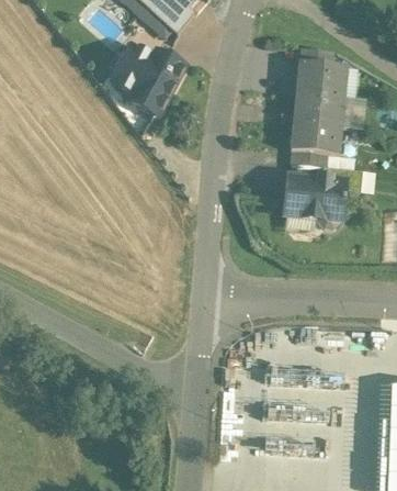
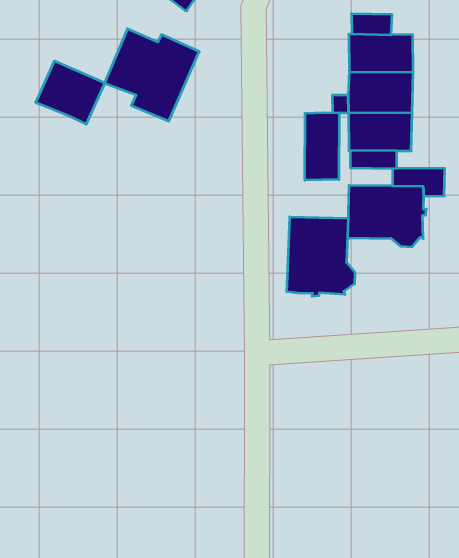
building: none -> [36,61,105,124]
building: none -> [305,113,339,180]
building: none -> [287,217,355,296]

